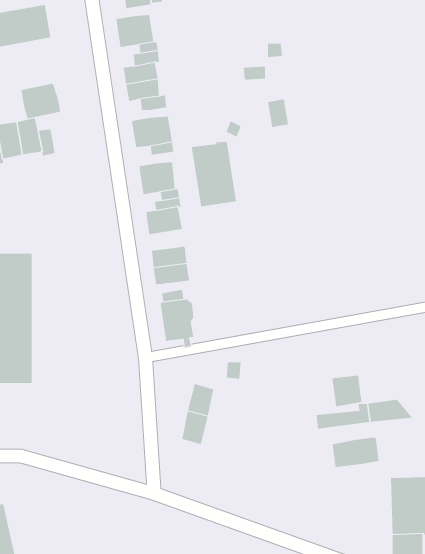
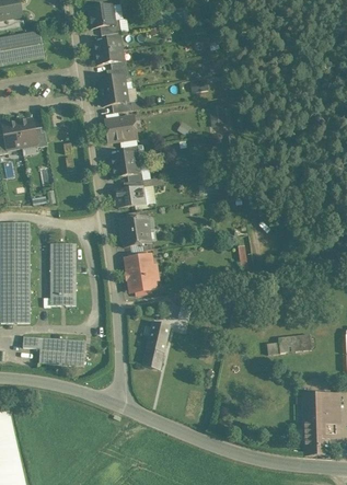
building: [21,83,61,119] -> none
building: [191,141,237,207] -> none
building: none -> [50,242,86,303]
building: [332,375,362,407] -> none
building: none -> [23,335,85,365]
building: [332,437,379,468] -> none

